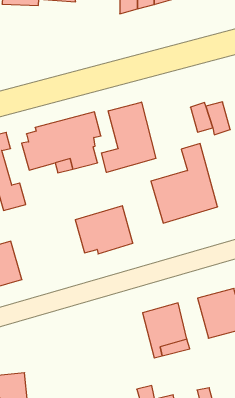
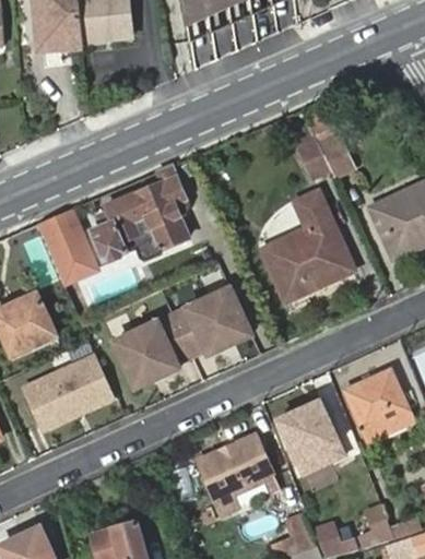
building: [101,102,156,172] -> none
building: none -> [115,313,191,385]
building: none -> [199,436,271,514]

